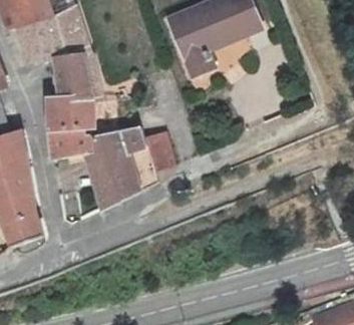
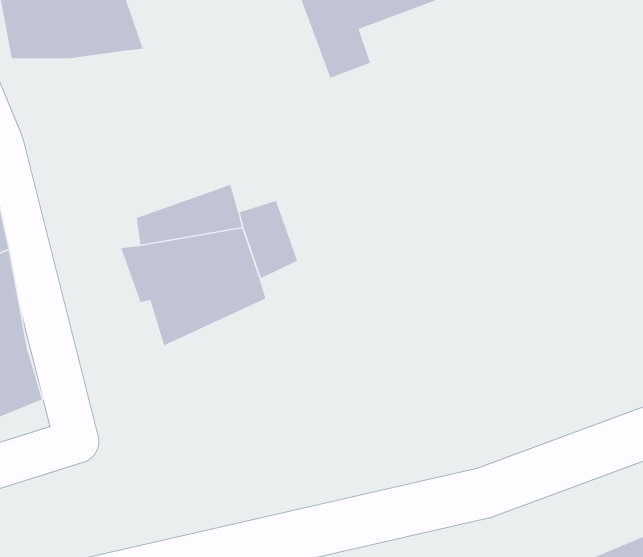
building: [54,56,95,122] -> none
building: [56,128,93,156] -> none

